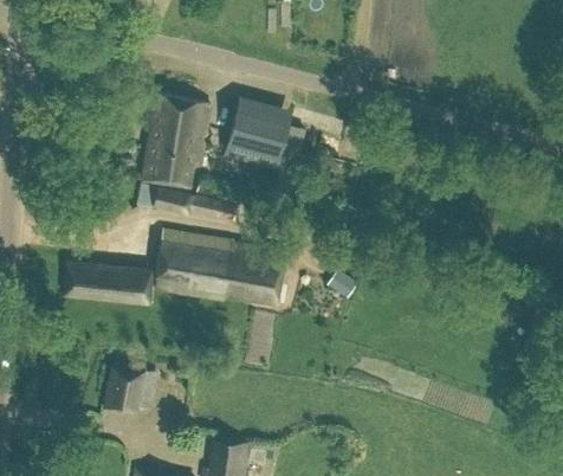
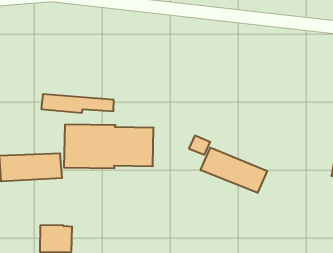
building: [143,94,212,188] -> none
building: [224,96,292,172] -> none
building: none -> [201,148,267,193]

